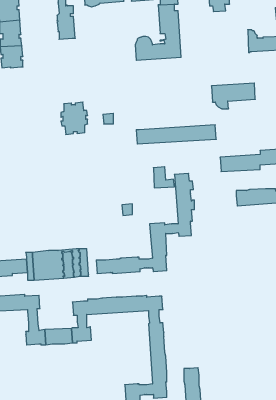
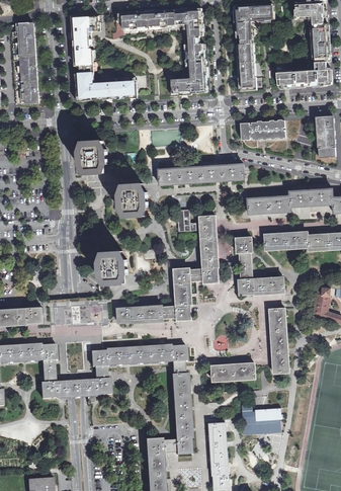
building: none -> [237,43,256,90]
building: none -> [77,72,136,98]
building: none -> [119,183,148,217]
building: none -> [236,237,284,295]
building: none -> [98,250,127,284]
building: none -> [269,308,288,372]
building: none -> [211,362,255,381]
building: none -> [242,404,282,434]

